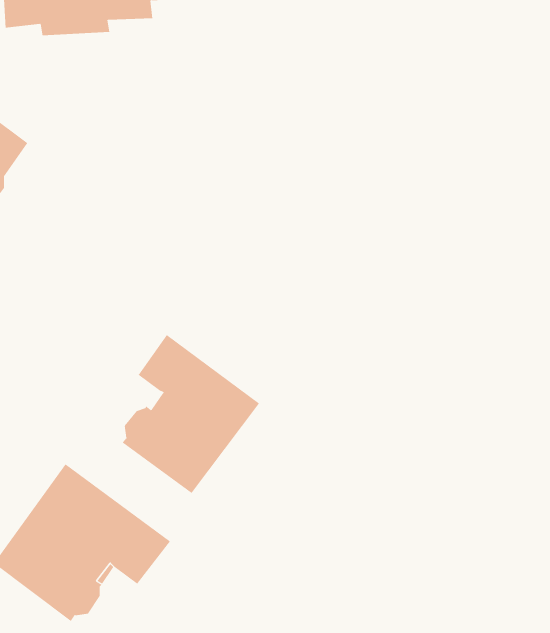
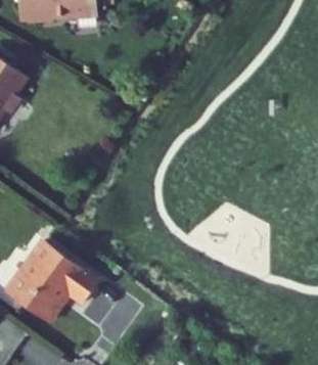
building: [122,334,260,494] -> none

